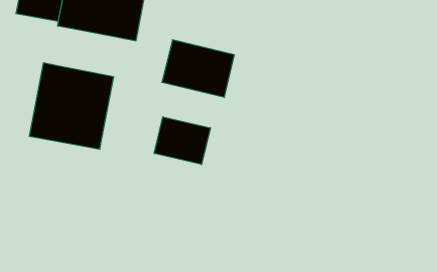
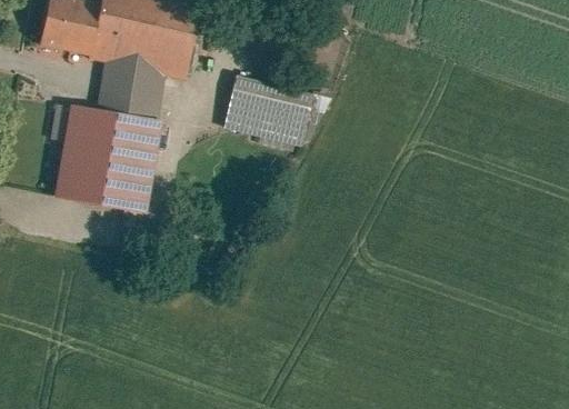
building: none -> [99,61,166,121]
building: [154,117,210,165] -> none

